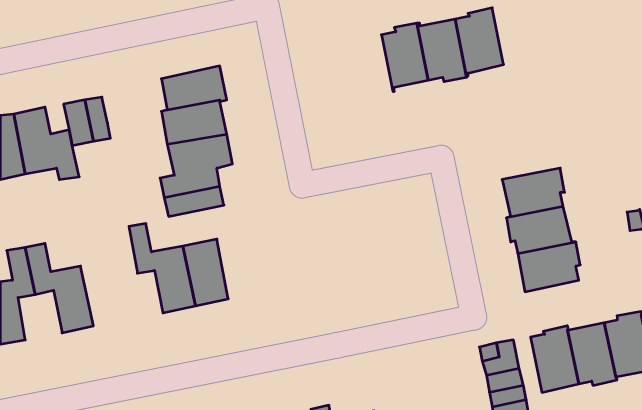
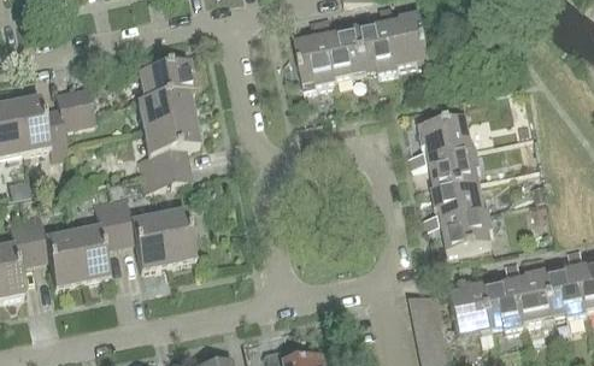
building: none -> [293,34,334,87]
building: none -> [417,116,476,157]
building: none -> [69,196,117,281]

